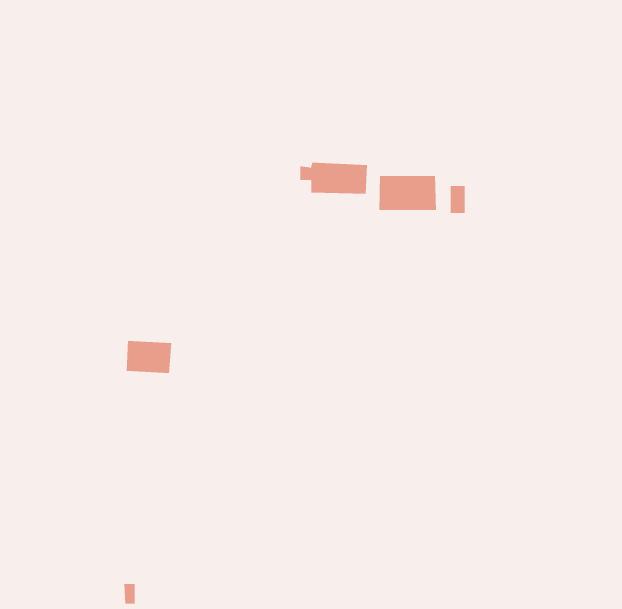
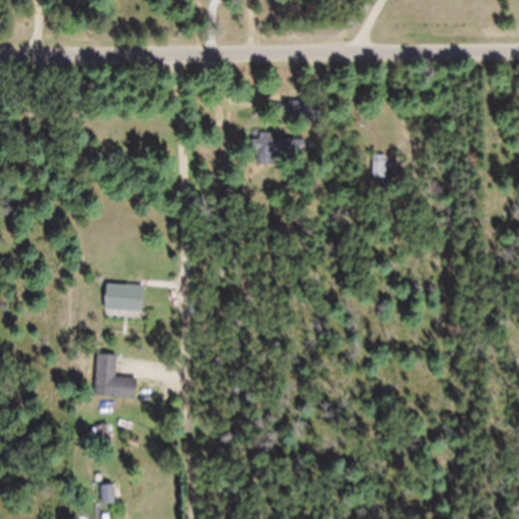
building: [379,175,437,211] -> none
building: none -> [94,353,136,397]

